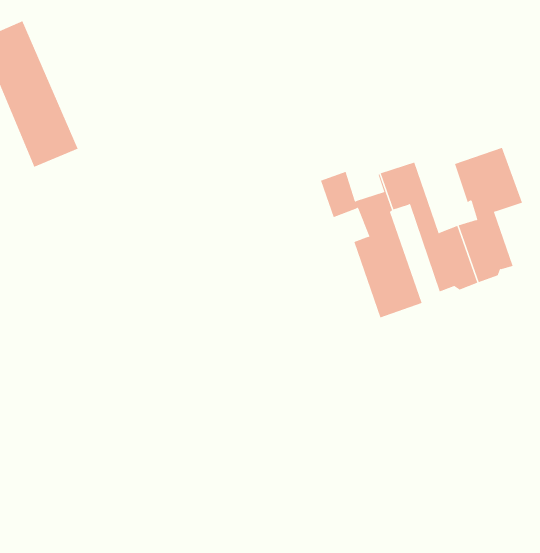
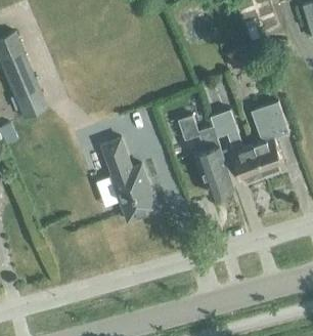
building: none -> [96,138,160,222]

